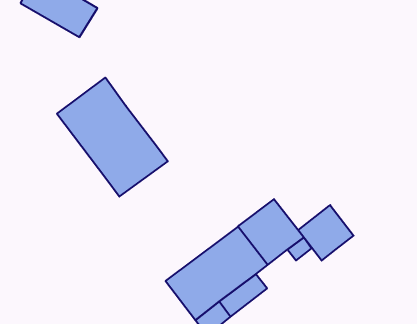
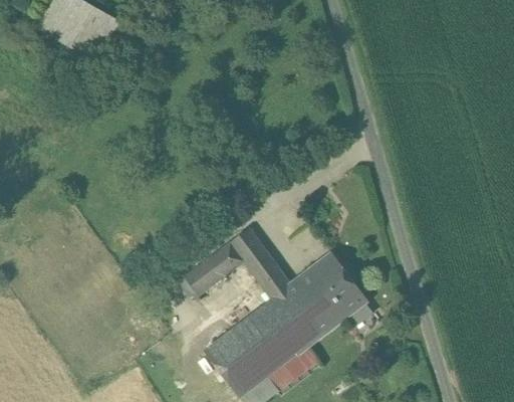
building: [57,78,168,197] -> none
building: none -> [184,227,289,297]
building: [298,205,354,261] -> none

